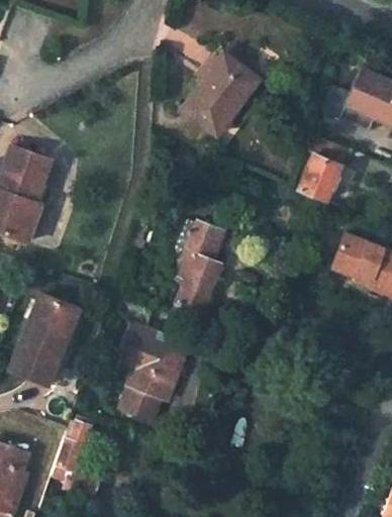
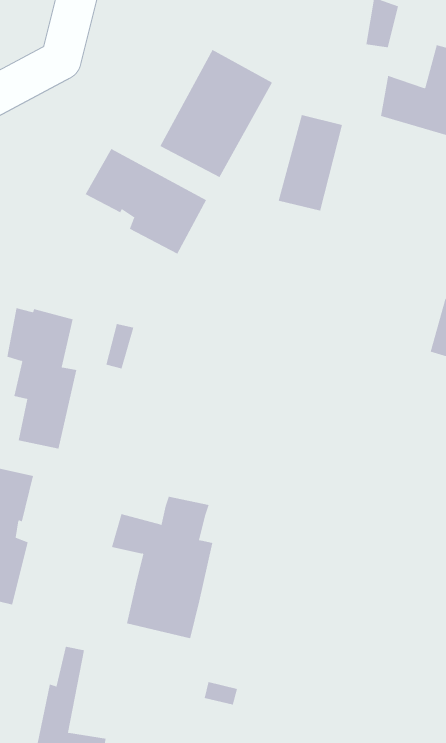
building: none -> [85,148,207,255]
building: [298,138,346,201] -> [278,114,343,211]
building: [178,219,223,312] -> [6,308,77,449]

